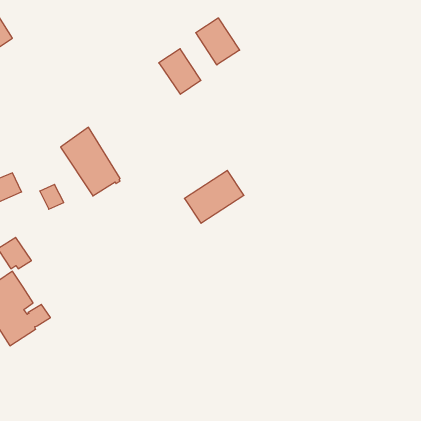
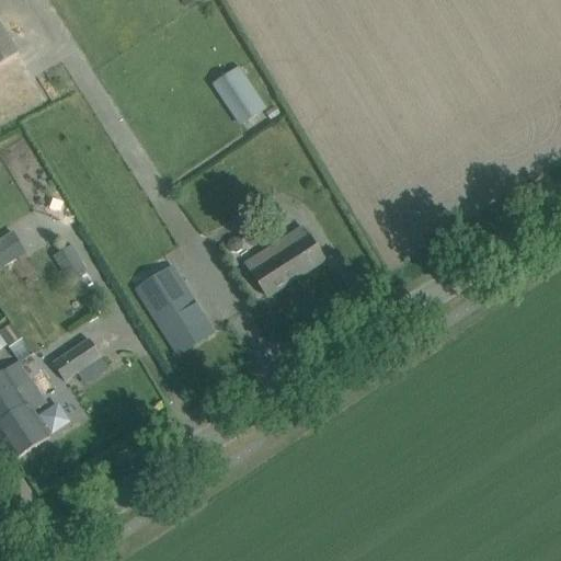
building: [196,18,240,65] -> none
building: [61,127,120,196] -> [134,263,213,354]
building: none -> [51,336,99,380]

